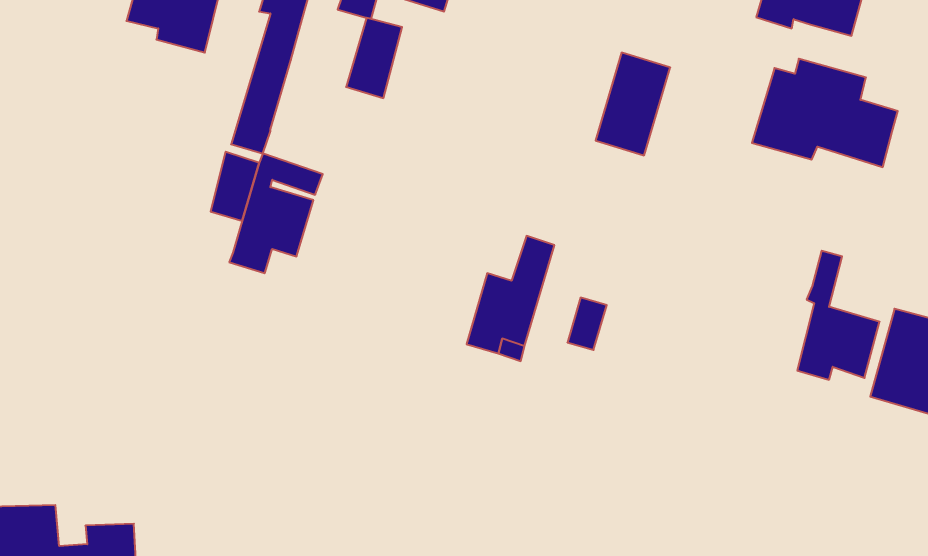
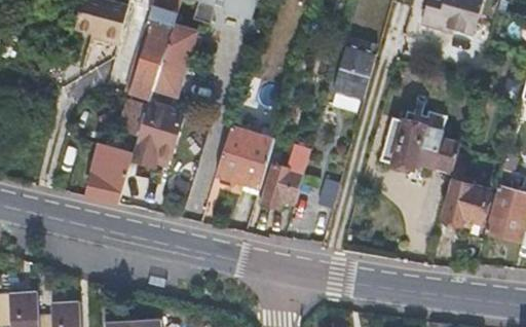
building: [346,18,402,98] -> [154,47,185,92]
building: [752,59,898,167] -> [380,112,460,172]
building: none -> [215,126,274,188]
building: none -> [84,144,134,203]

